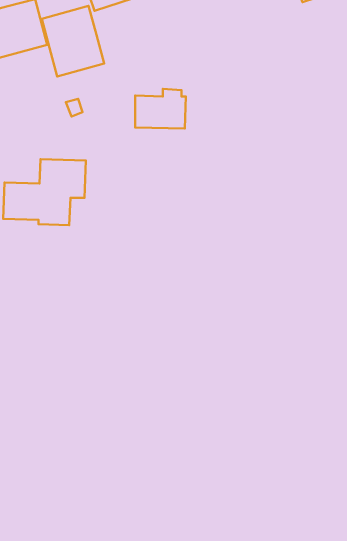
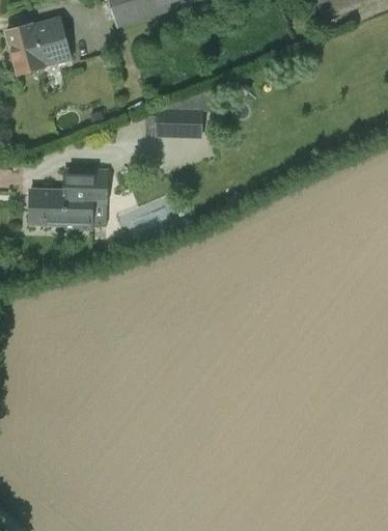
building: [42,6,104,77] -> none

